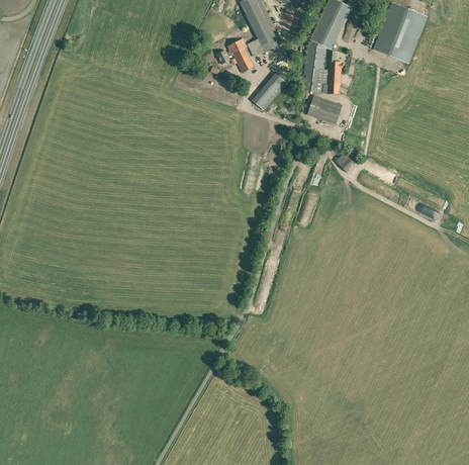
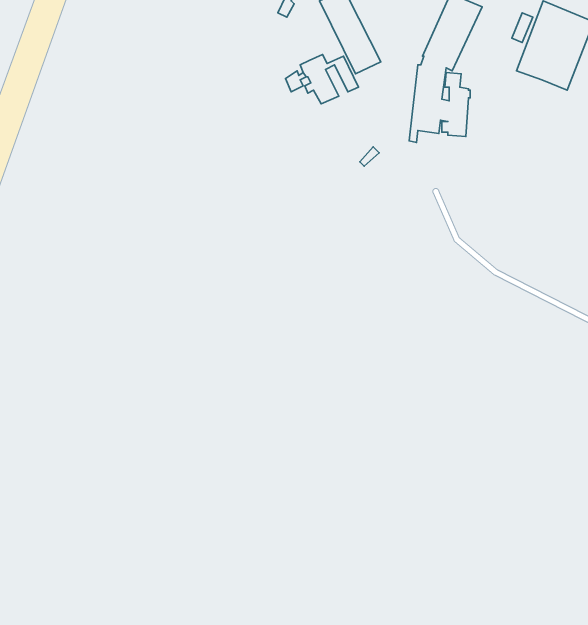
building: [253,73,287,110] -> none
building: [307,95,343,123] -> none

